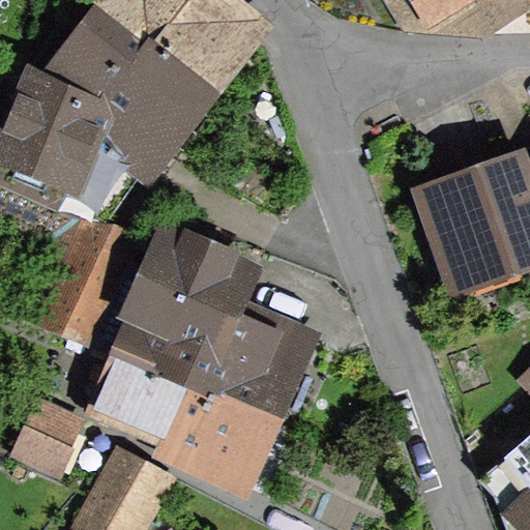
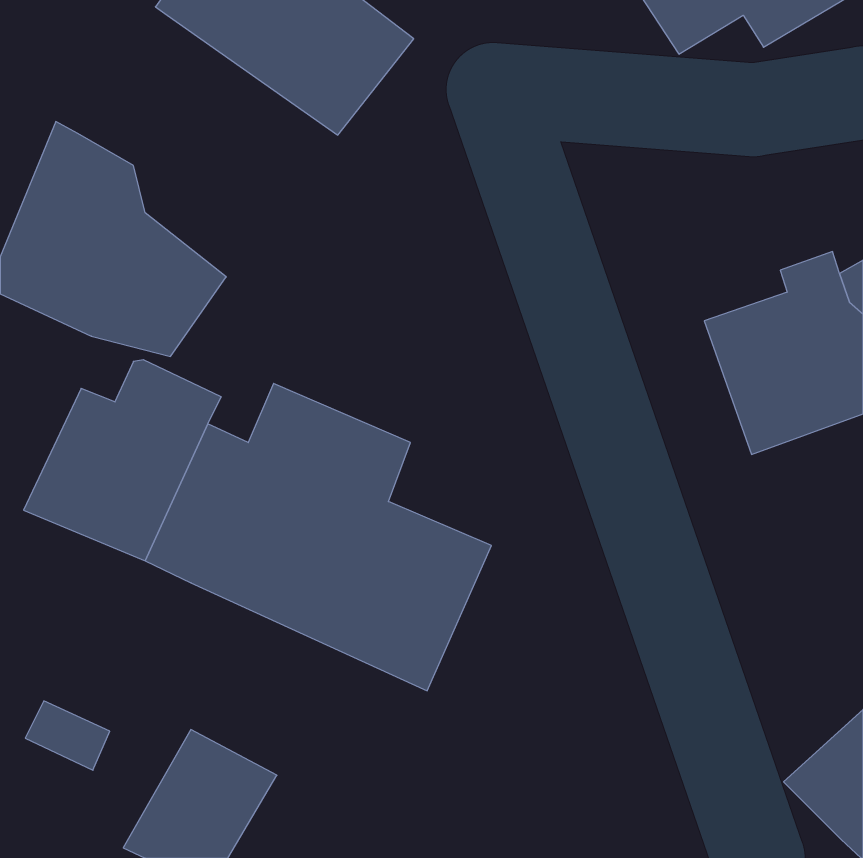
building: [48,9,207,170] -> none
building: [97,357,262,478] -> none

